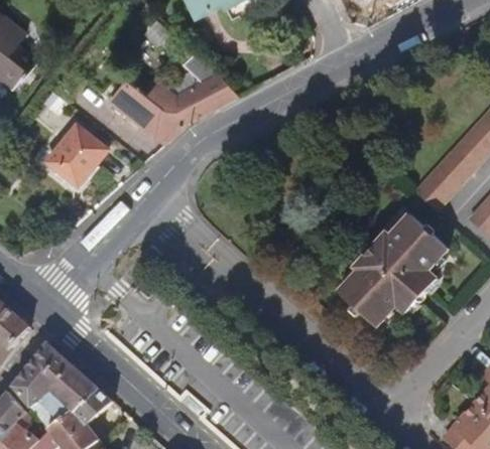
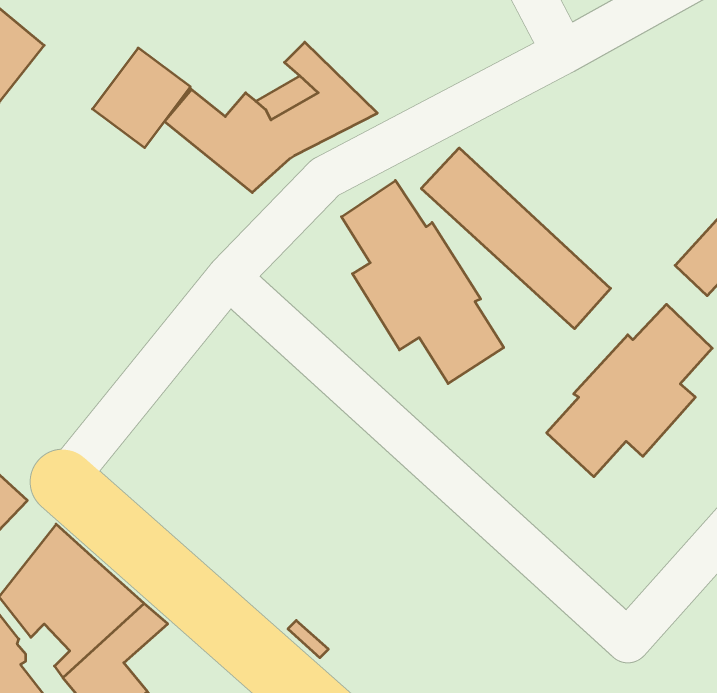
building: none -> [421,148,611,329]
building: [48,129,107,188] -> [92,48,190,148]
building: none -> [341,180,504,384]

